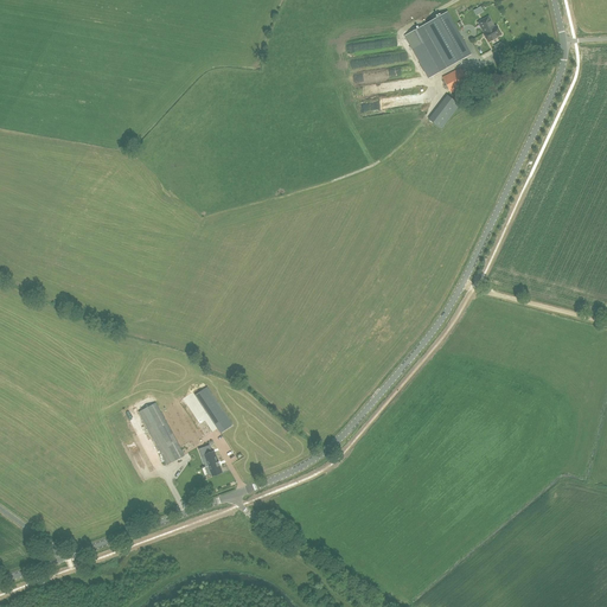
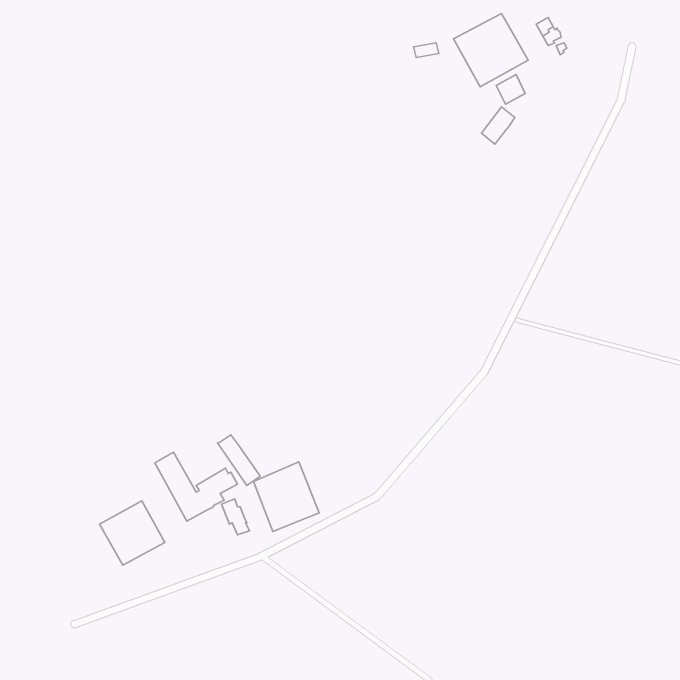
building: none -> [253,462,319,531]
building: none -> [99,501,165,565]

